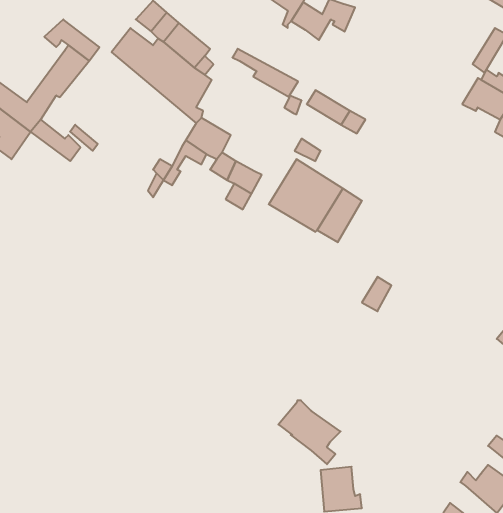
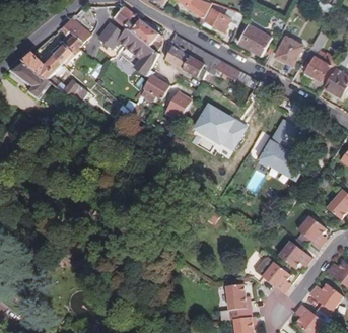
building: none -> [236,21,269,53]
building: none -> [273,31,300,61]
building: none -> [163,43,205,81]
building: none -> [259,121,306,180]
building: none -> [295,214,324,248]
building: none -> [275,240,308,268]
building: [278,400,341,464] -> [252,255,288,292]

